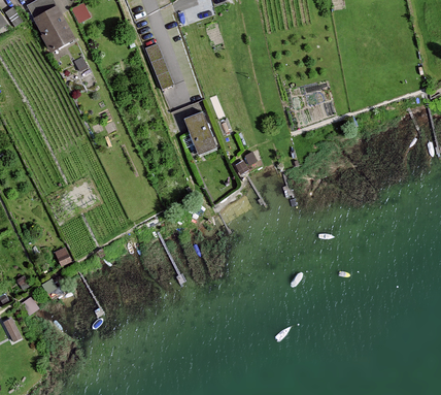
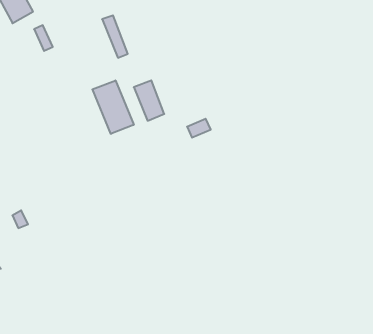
building: none -> [92,80,134,134]

